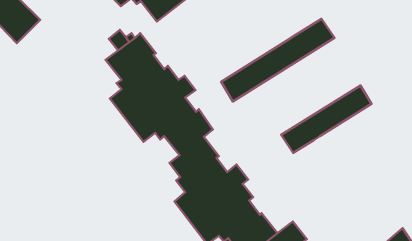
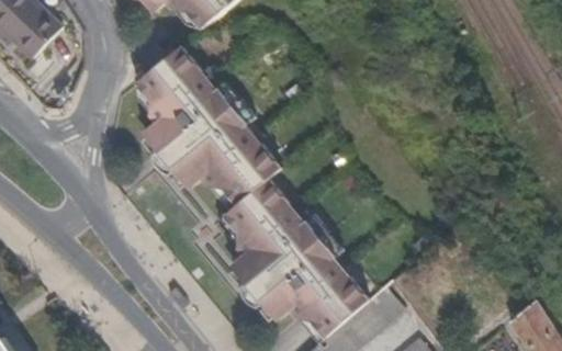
building: [221,19,335,101] -> none
building: [281,85,371,153] -> none

